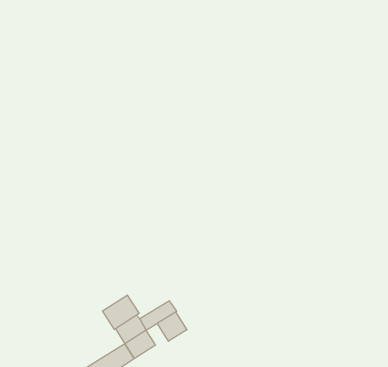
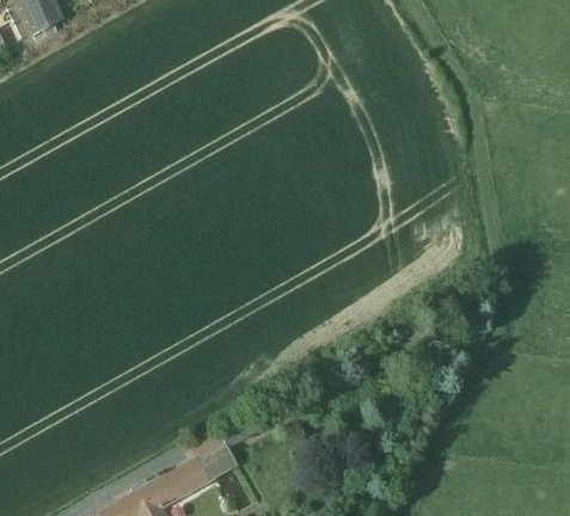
building: [103,295,139,329] -> none
building: [157,312,187,341] -> none

